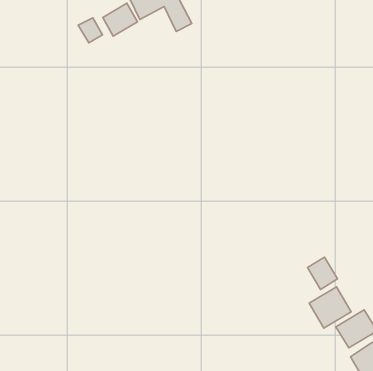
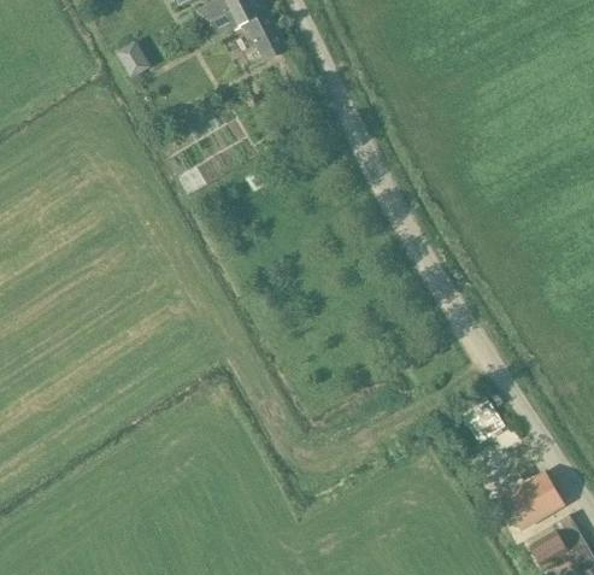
building: [103,3,138,36] -> none
building: [309,287,351,328] -> none

